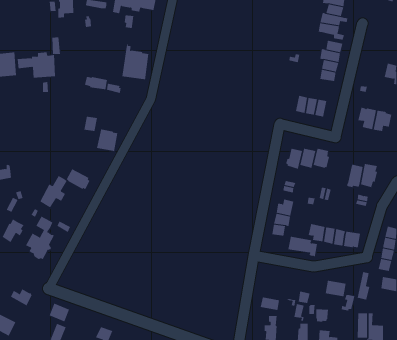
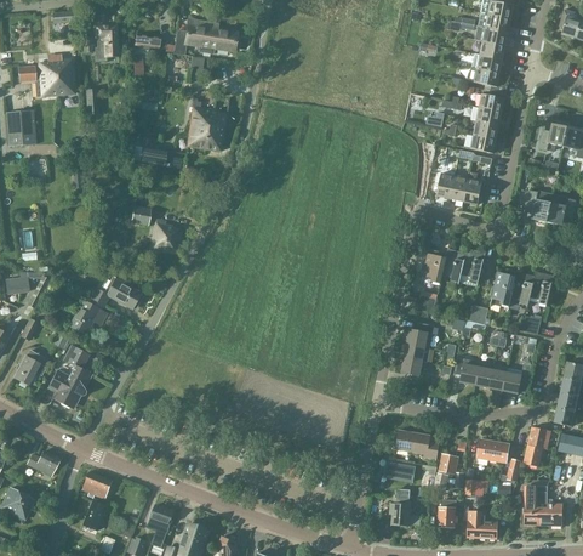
building: [17,52,56,78] -> [18,57,74,95]
building: none -> [538,124,567,152]
building: none -> [490,272,515,306]
building: [288,236,318,257] -> [395,430,439,460]

